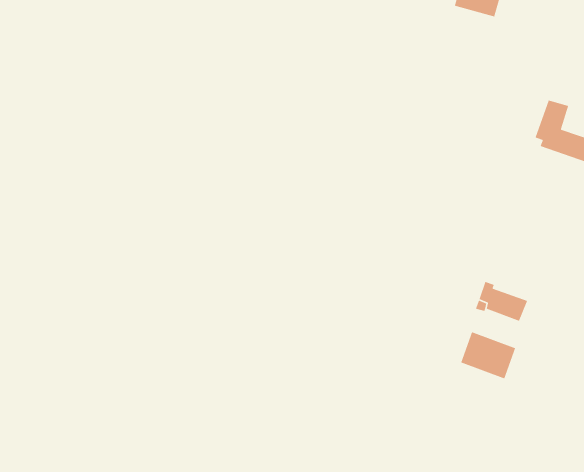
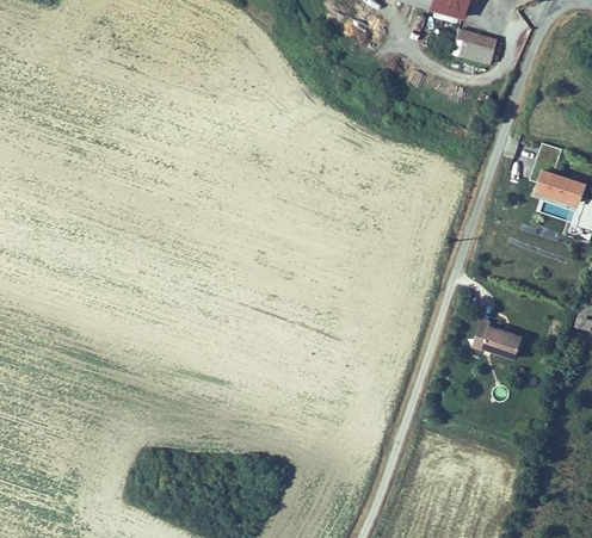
building: [460,331,516,380] -> none

